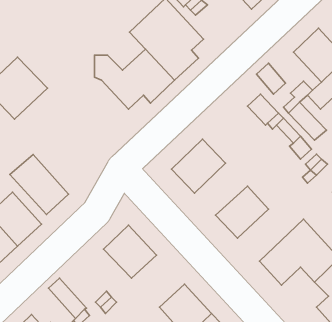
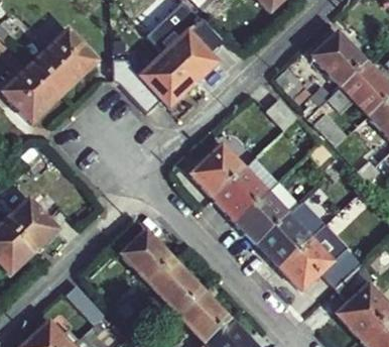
building: none -> [34,29,97,92]
building: [10,154,69,214] -> none
building: none -> [213,167,266,220]
building: none -> [256,201,322,266]
building: none -> [149,260,203,313]

